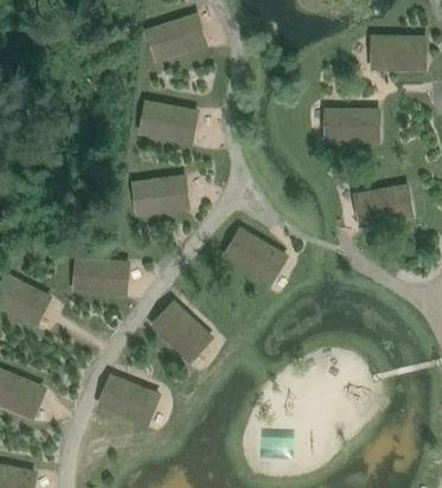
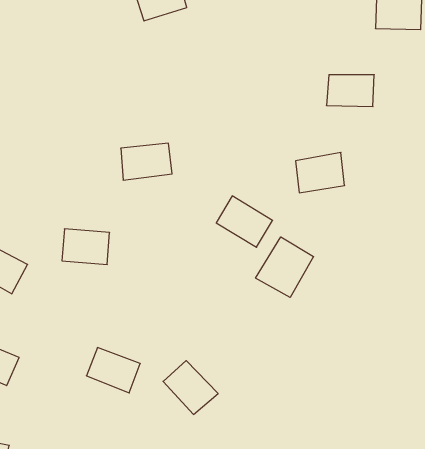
building: [141,102,191,141] -> none
building: [364,184,411,223] -> [296,152,345,193]
building: none -> [256,237,314,297]
building: [154,303,207,355] -> [163,361,218,414]

